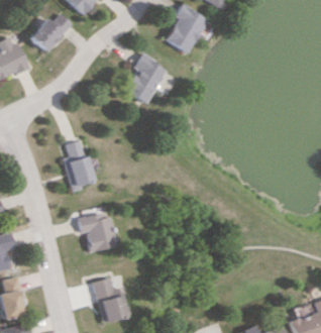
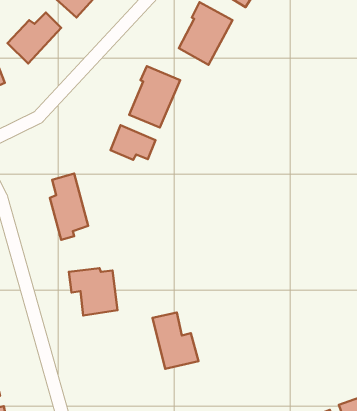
building: none -> [111,125,155,160]
building: [91,278,127,322] -> [152,313,199,369]

